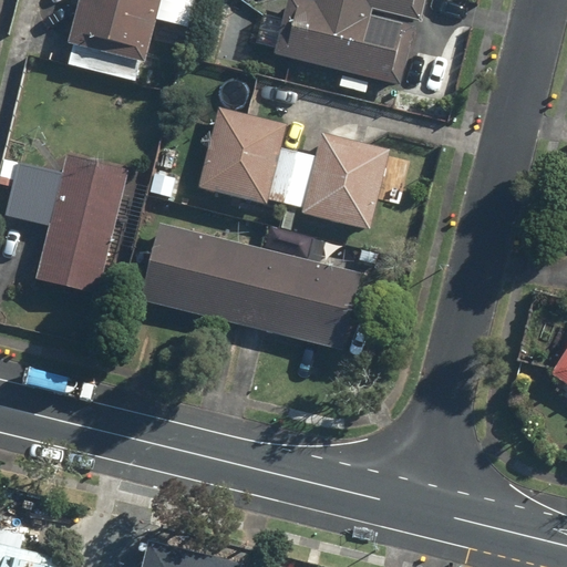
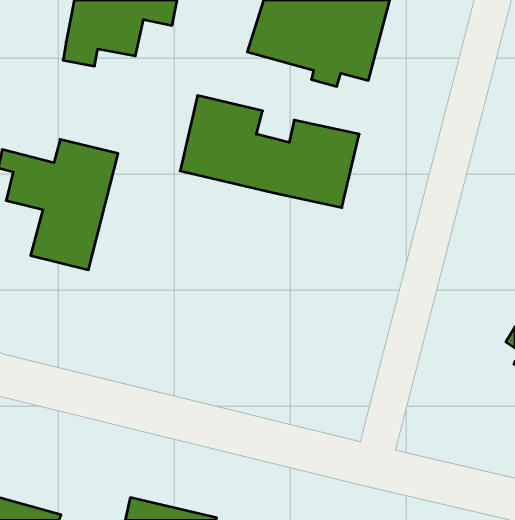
building: [138,221,361,355] -> none

